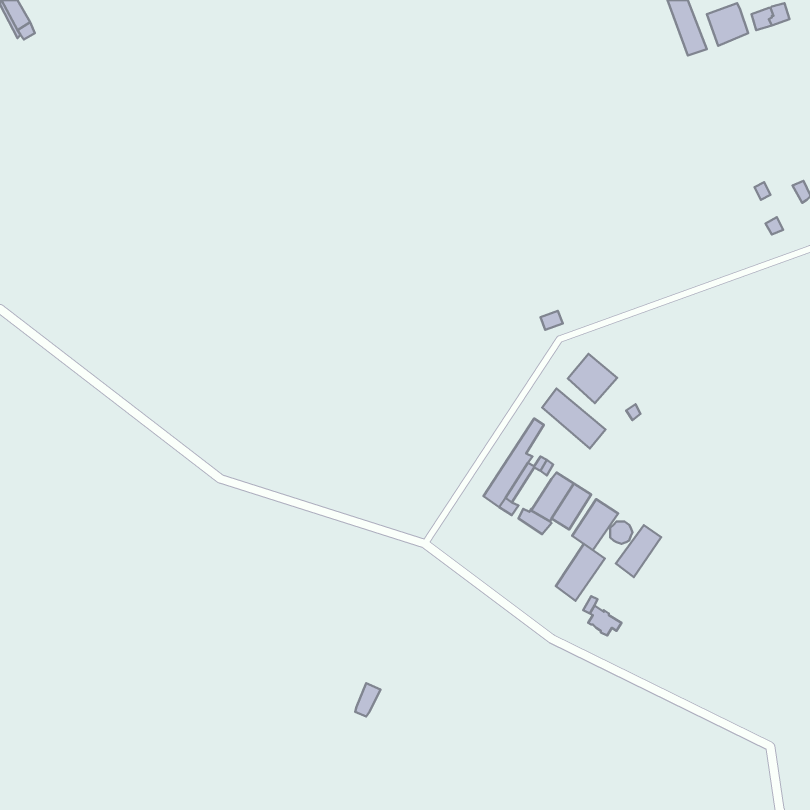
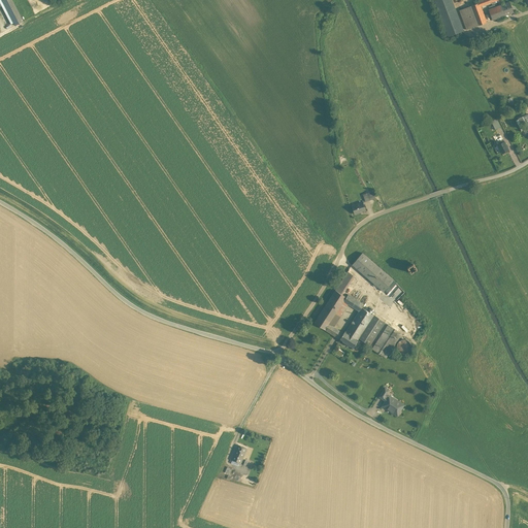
building: [568,354,617,403] -> none
building: [616,525,661,577] -> none
building: [556,544,605,601] -> none

